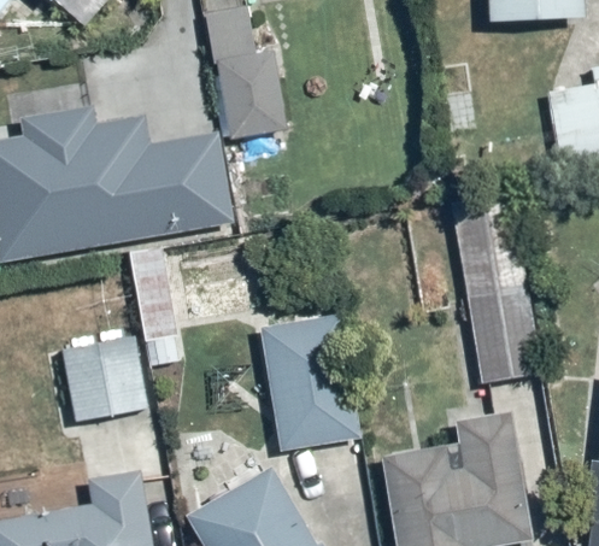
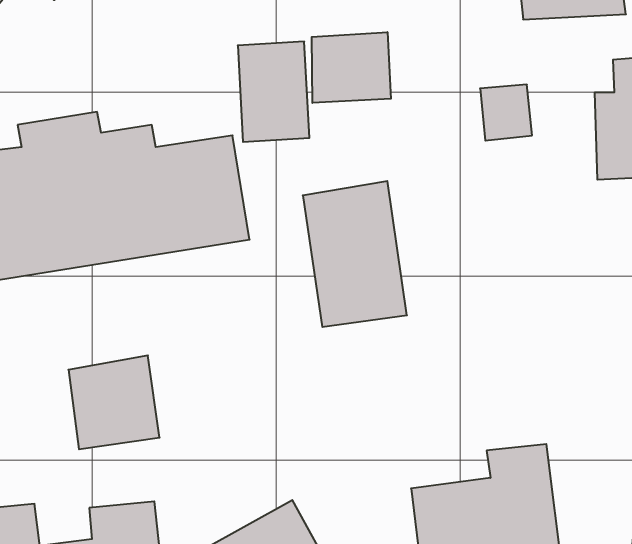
building: none -> [312,32,391,103]
building: [454,211,536,387] -> none
building: [263,313,359,448] -> [303,181,407,327]

